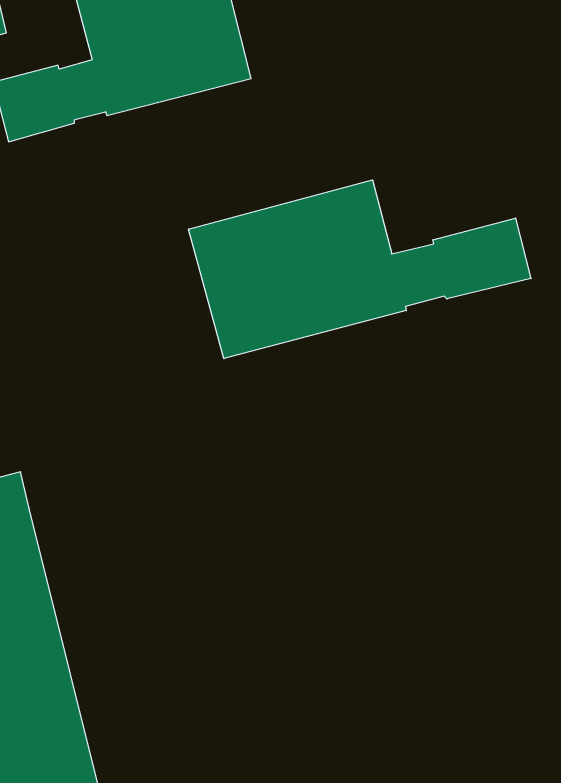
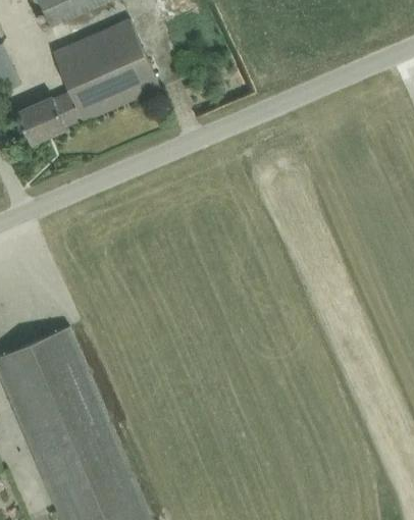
building: [189,180,531,359] -> none

